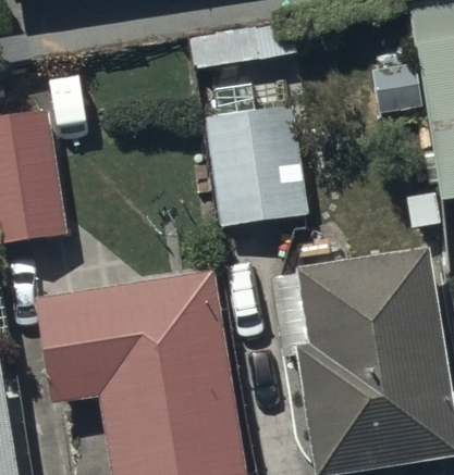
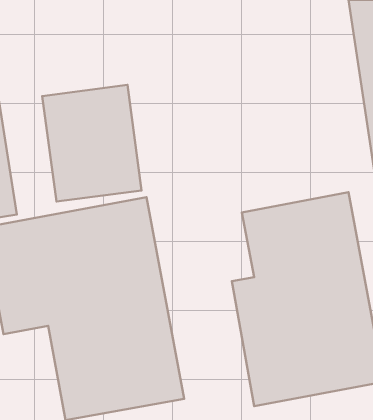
building: [207,113,314,238] -> [42,85,142,202]

